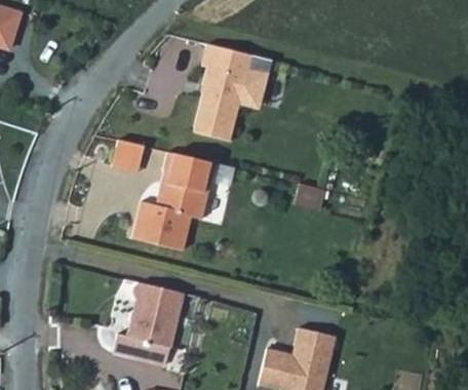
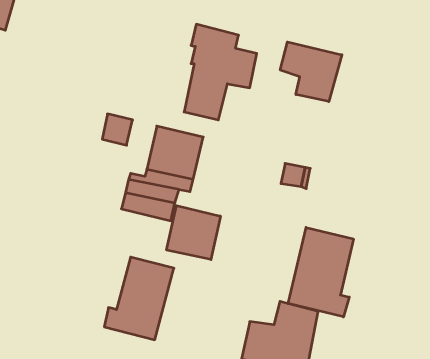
building: none -> [280,42,342,102]
building: none -> [167,206,220,260]
building: none -> [288,227,353,317]

